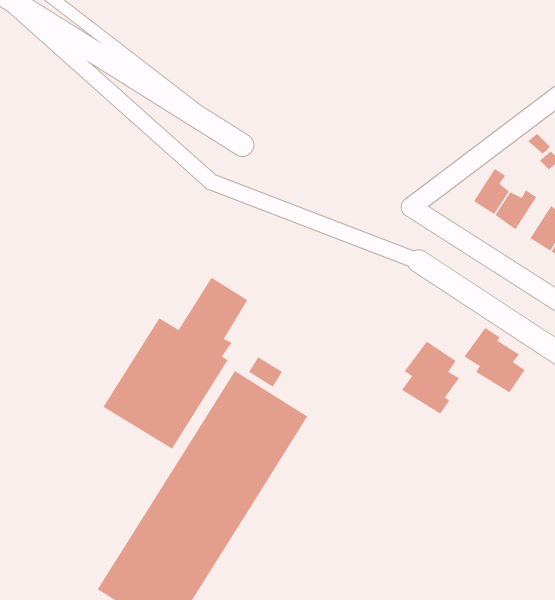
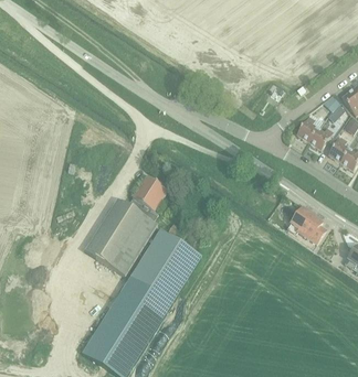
building: [401,341,460,414] -> none

